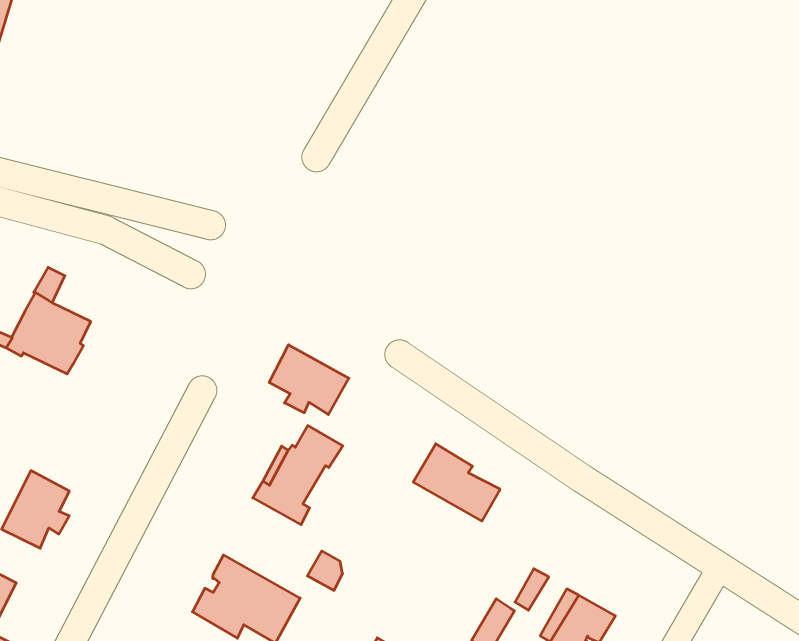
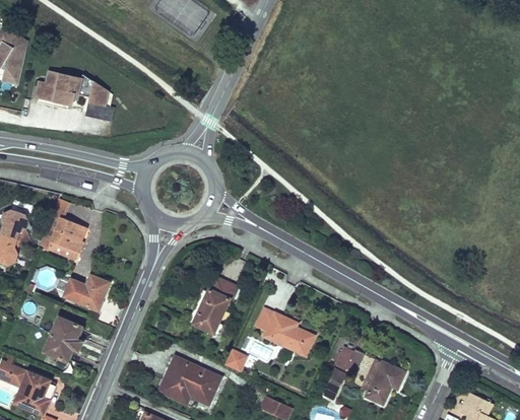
building: none -> [34,72,114,122]
building: [269,345,349,415] -> none
building: none -> [64,275,110,309]
building: [413,444,500,521] -> [264,312,315,355]

